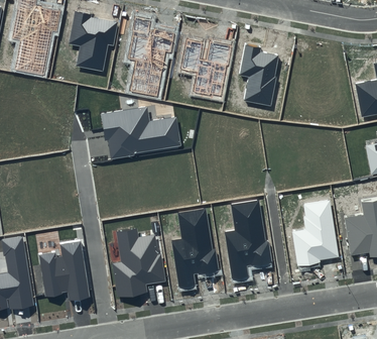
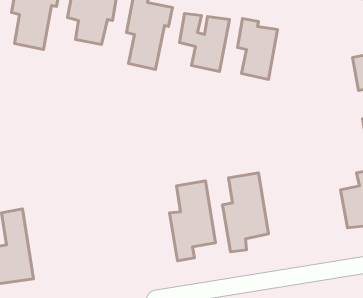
building: [102,106,181,159] -> none
building: [292,200,339,265] -> none
building: [112,228,165,297] -> none
building: [39,239,90,301] -> none

